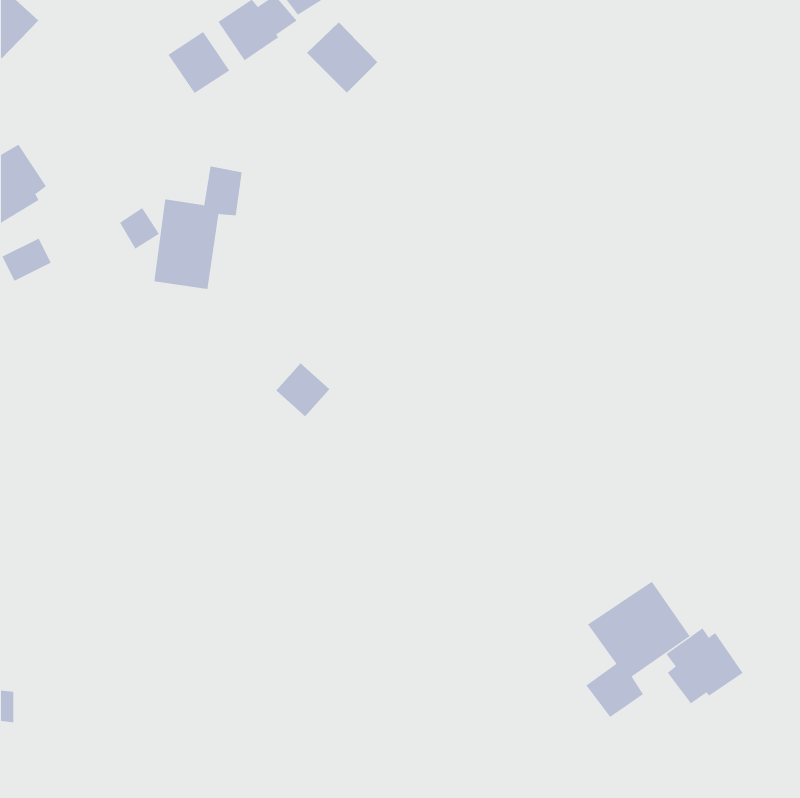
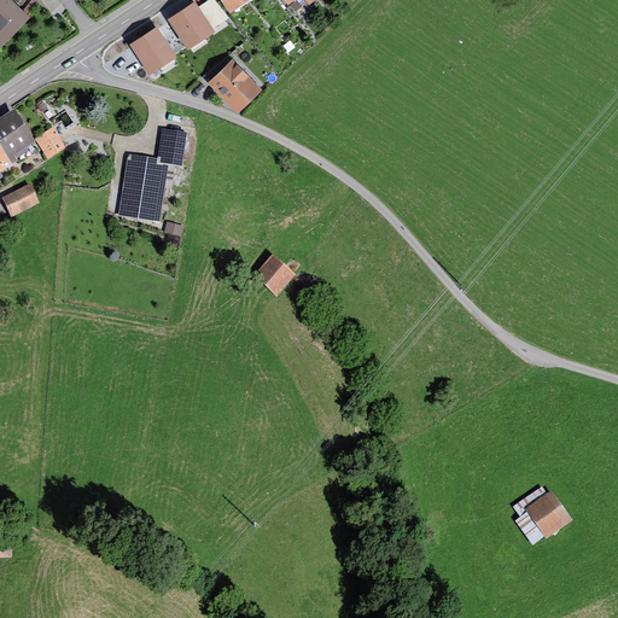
building: [306,22,378,93] -> [206,58,262,113]
building: [119,207,160,249] -> [35,127,66,159]
building: [275,362,330,417] -> [253,255,296,297]
building: [586,581,690,718] -> none

